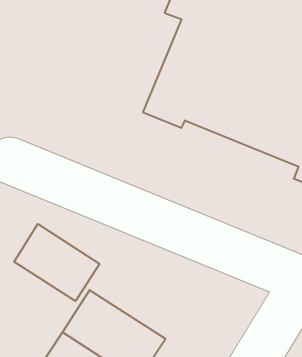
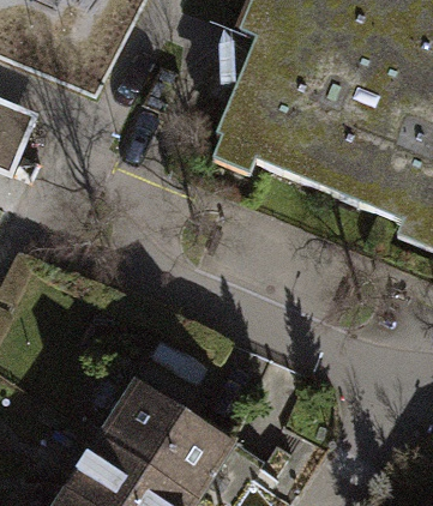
building: [14,224,99,301] -> none

